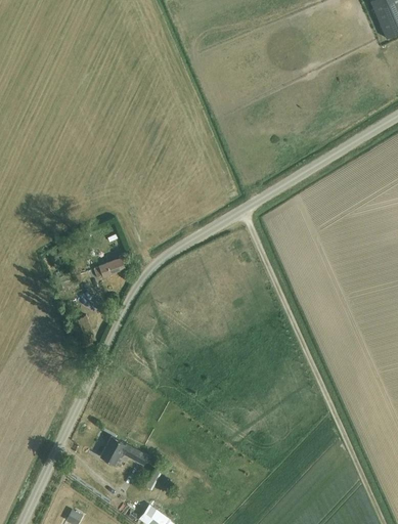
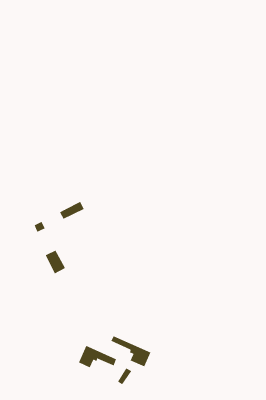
building: none -> [111,335,151,367]

